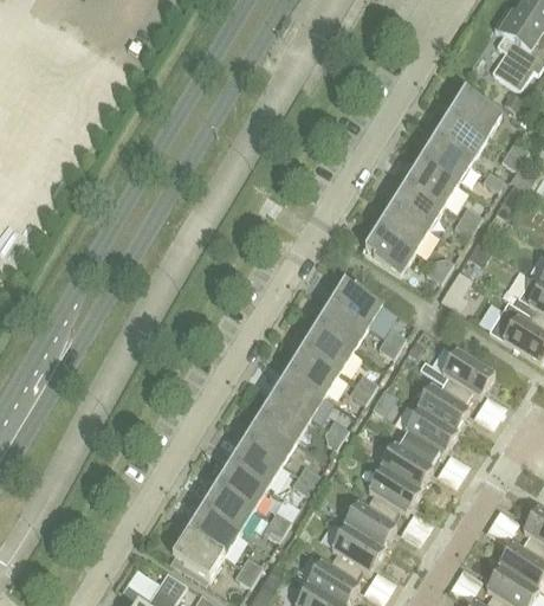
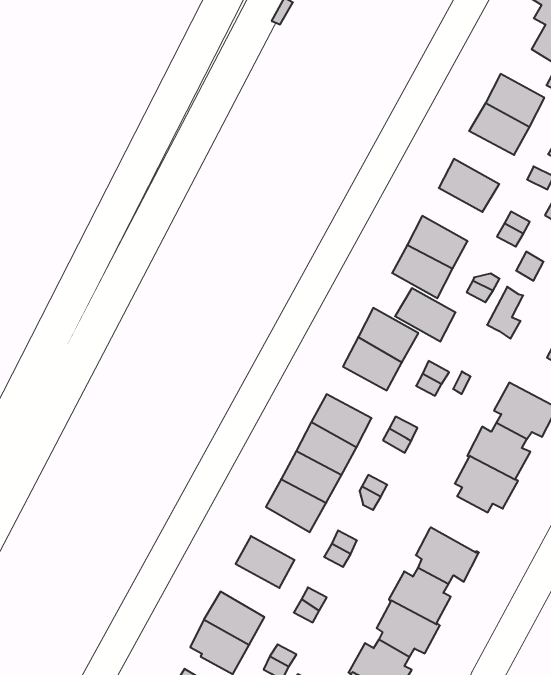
building: [421,135,472,181] -> none
building: [391,181,442,227] -> [395,288,456,342]
building: [302,325,352,370] -> none
building: [231,439,280,485] -> none
building: [380,440,433,489] -> none
building: [202,485,252,531] -> none

